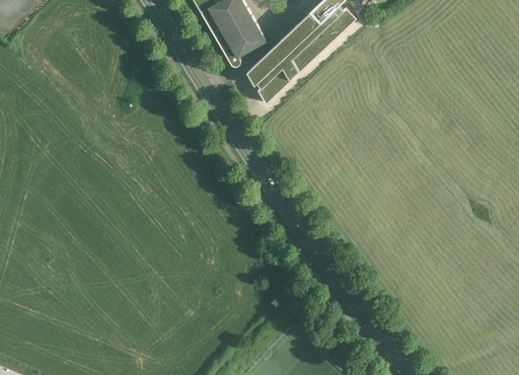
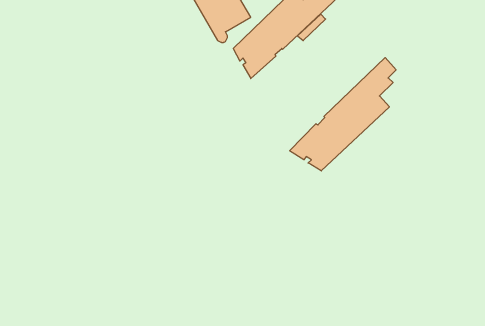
building: none -> [290,58,396,171]

